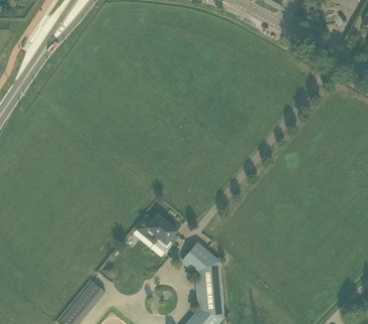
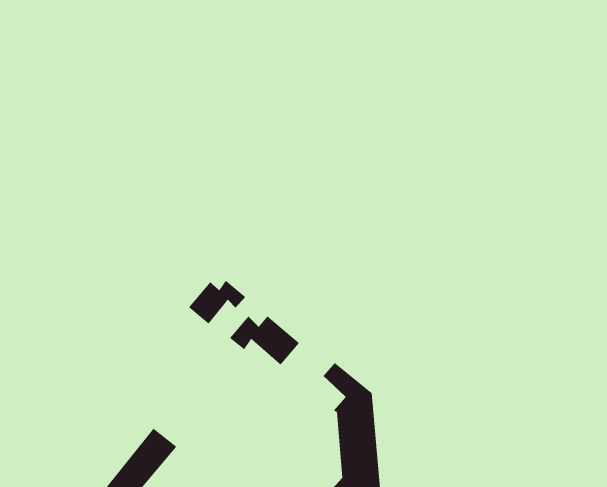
building: none -> [188,280,246,325]

